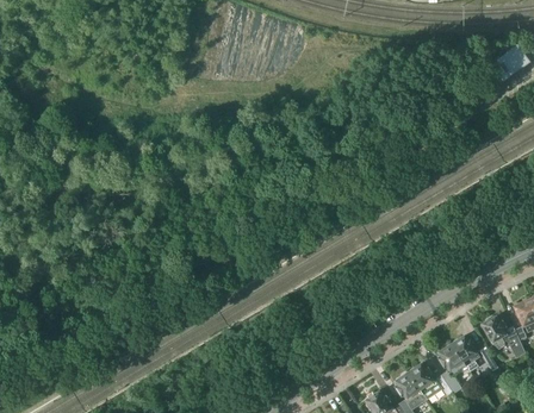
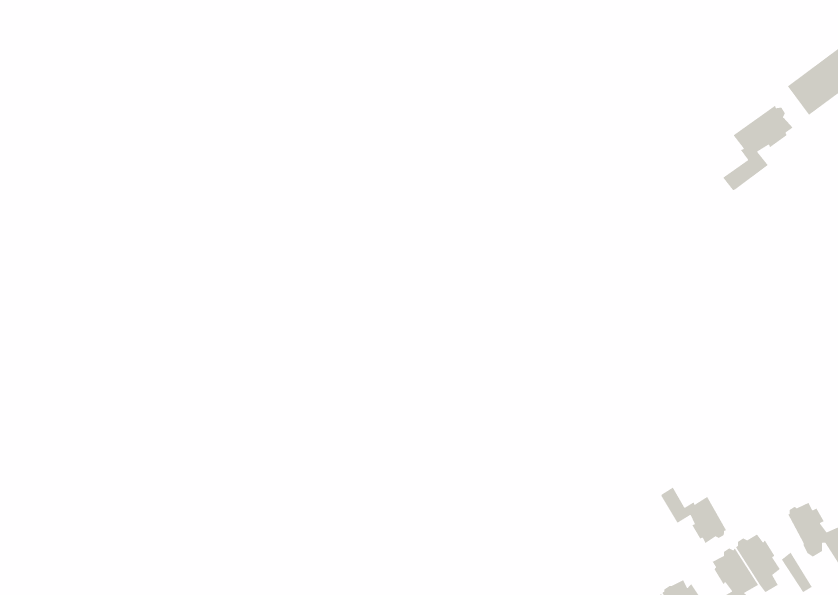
building: none -> [722,105,793,191]
building: none -> [660,487,727,544]

